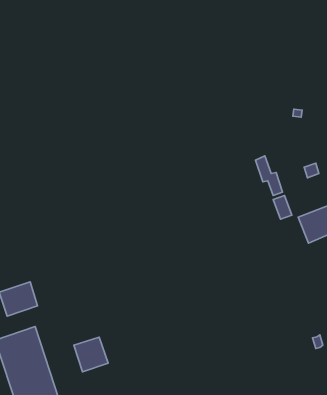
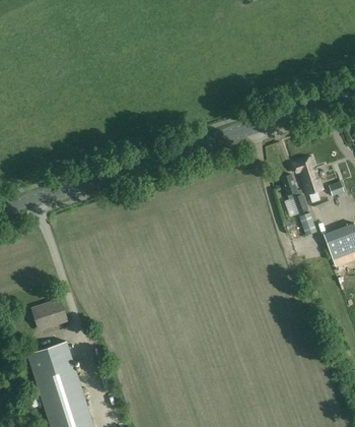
building: none -> [293,158,324,196]
building: [74,337,108,372] -> none

